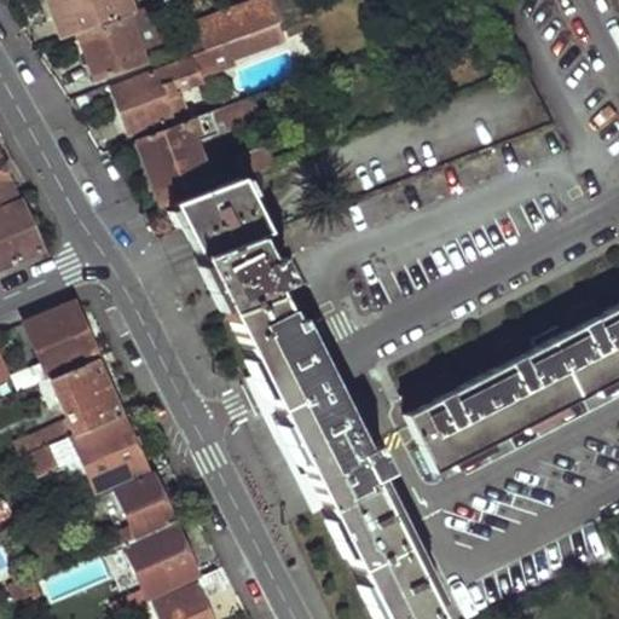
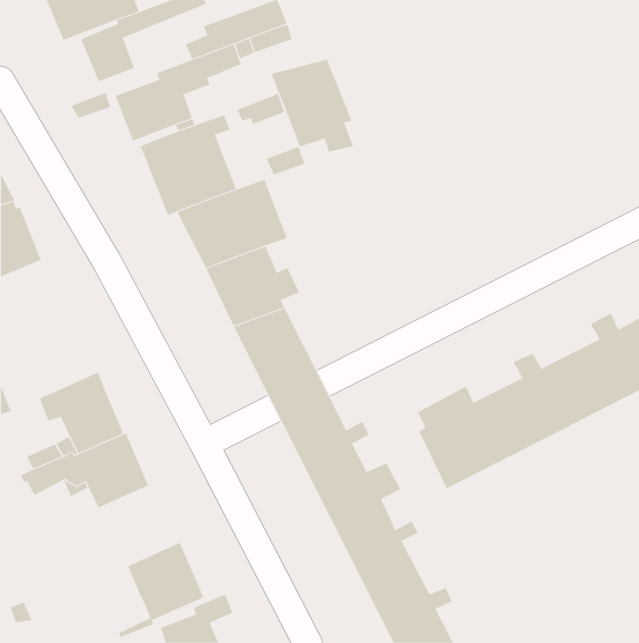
building: none -> [271,59,354,152]
building: [29,301,99,381] -> none
building: [102,469,178,543] -> none

